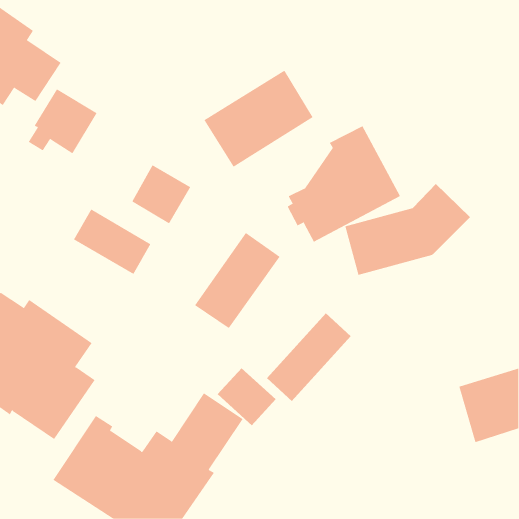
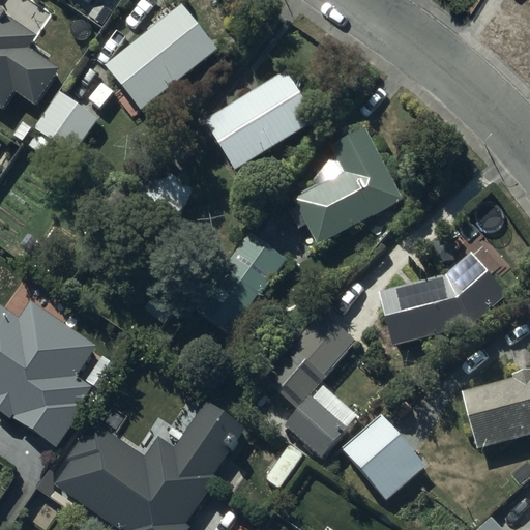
building: none -> [106,4,222,114]
building: [344,183,471,276] -> [381,251,508,344]
building: [73,209,151,275] -> none
building: [217,367,277,426] -> [285,398,345,457]
building: none -> [343,414,424,498]

